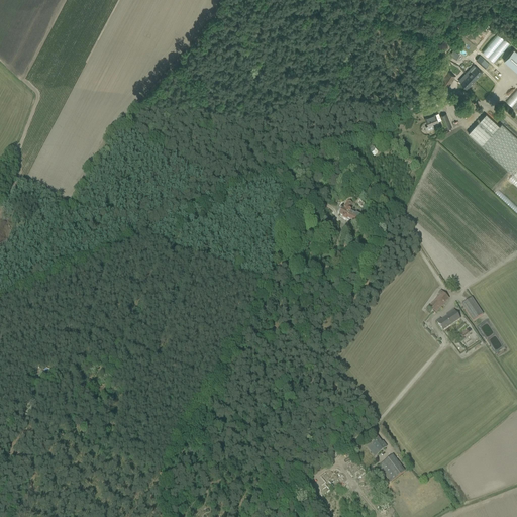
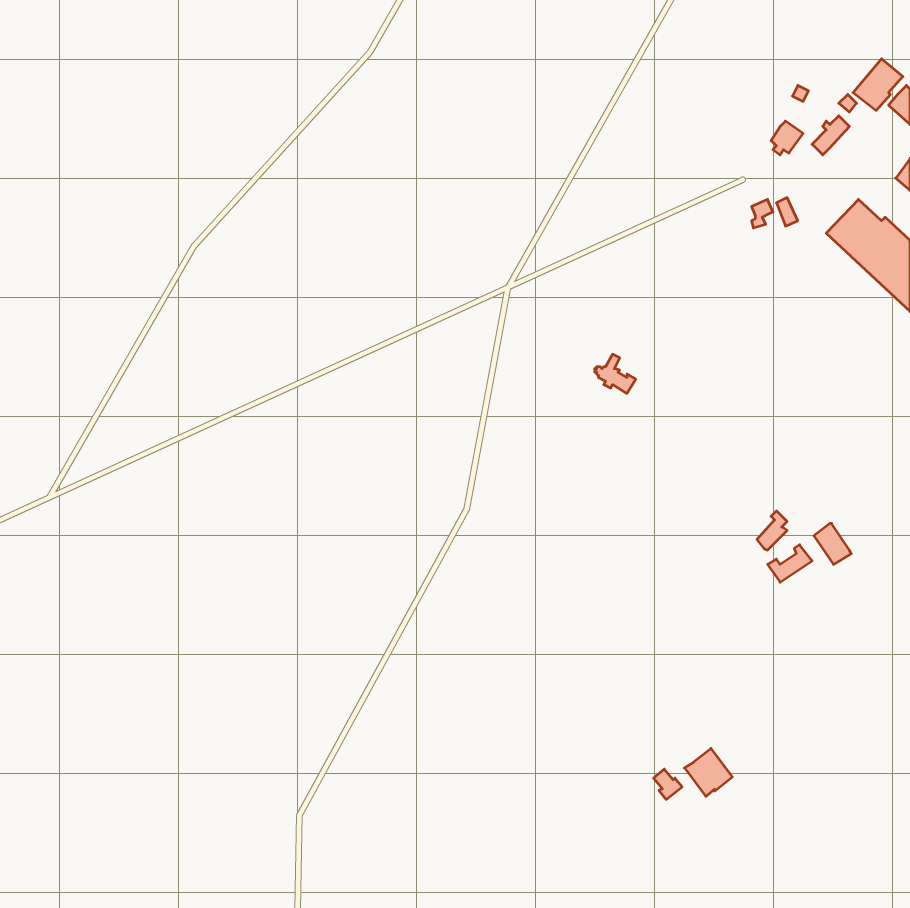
building: [378,454,405,482] -> [684,748,732,796]

